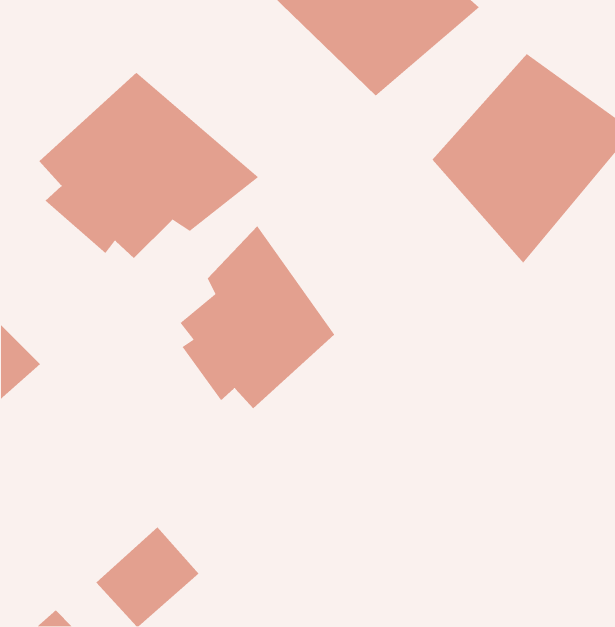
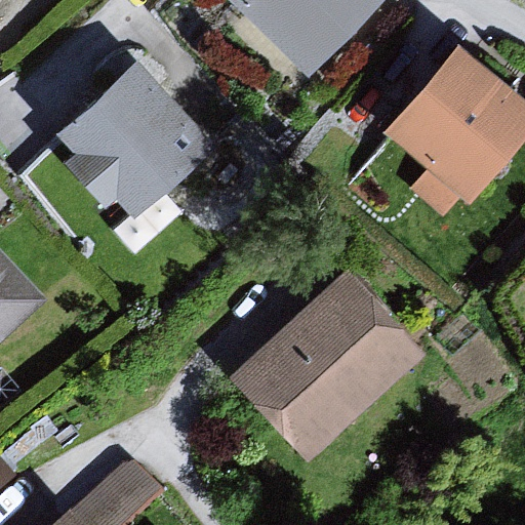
building: [180,225,335,409] -> none
building: none -> [227,274,428,466]

